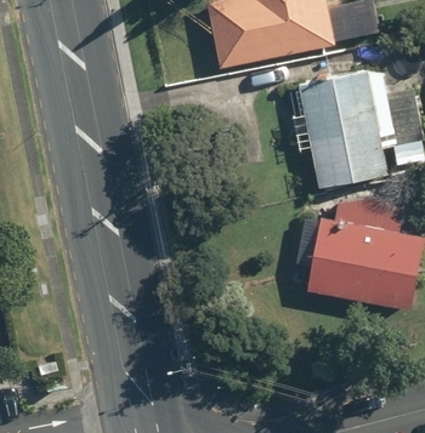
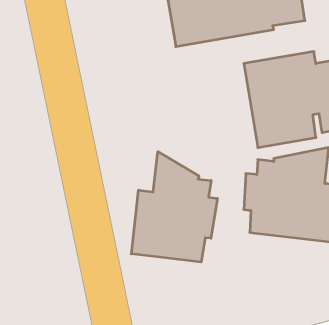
building: none -> [131,152,217,262]

